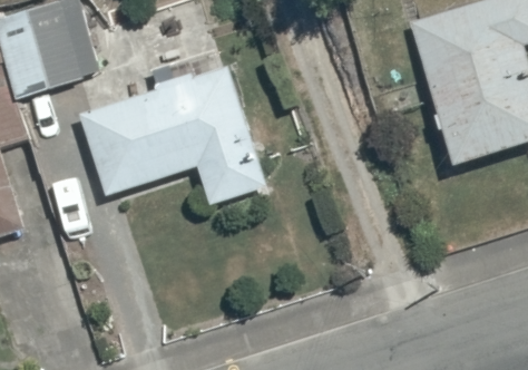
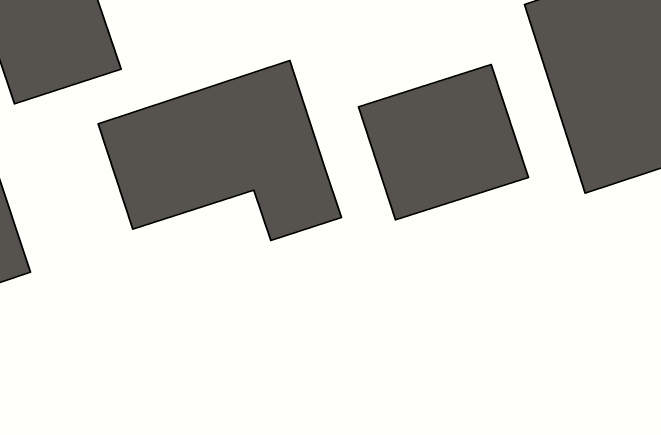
building: none -> [358,65,529,220]

